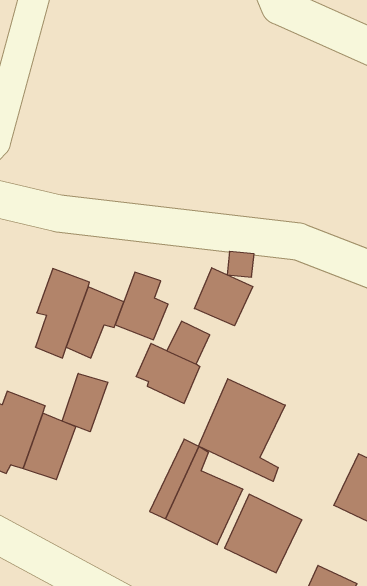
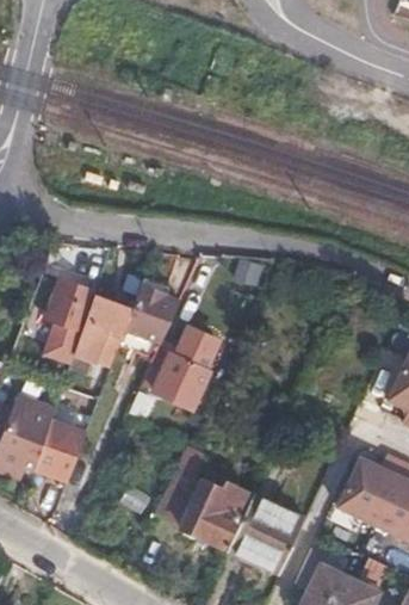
building: [194,268,253,326] -> none
building: [62,373,108,432] -> none
building: [198,379,285,481] -> none

